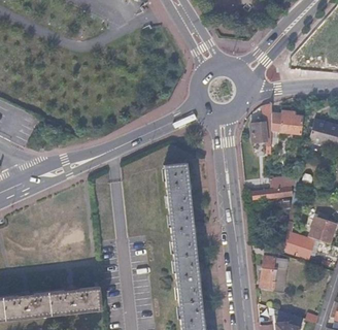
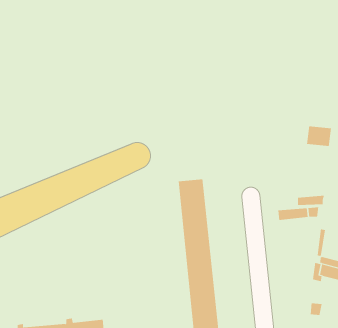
building: [252,103,272,146] -> none
building: [261,256,277,289] -> none

